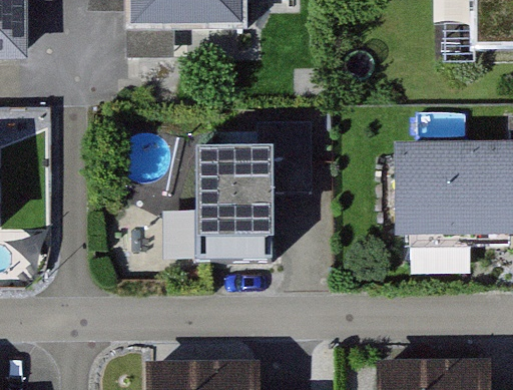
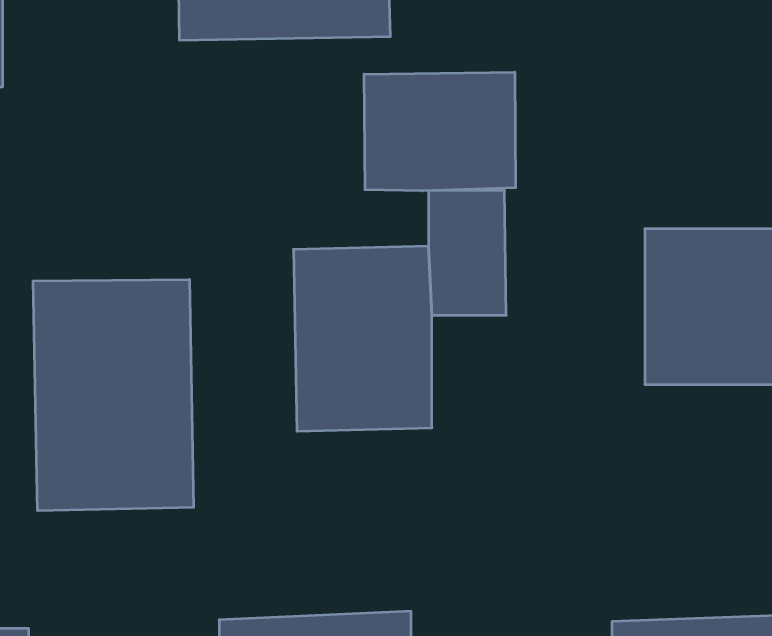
building: none -> [364,72,516,191]
building: none -> [33,279,194,511]

